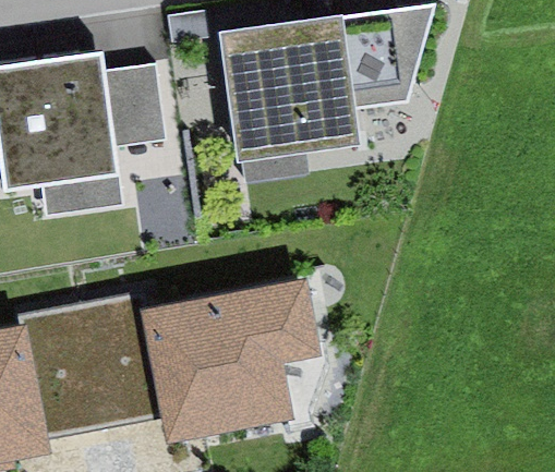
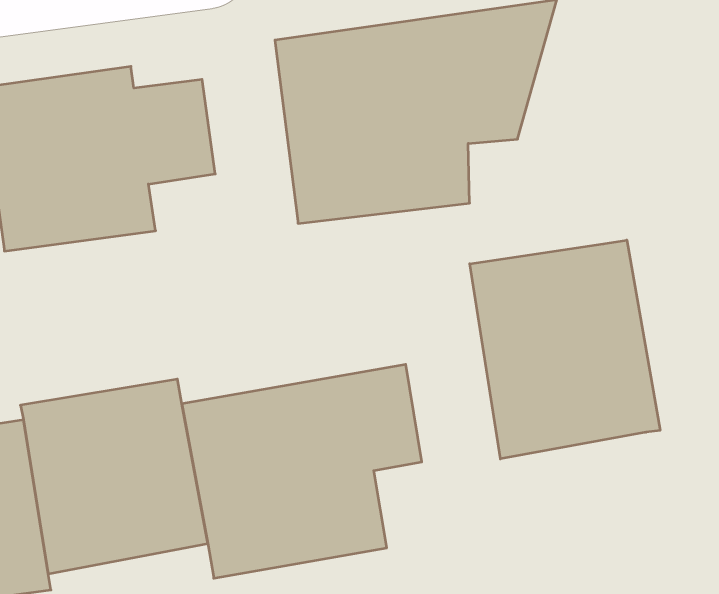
building: none -> [470,240,660,459]

